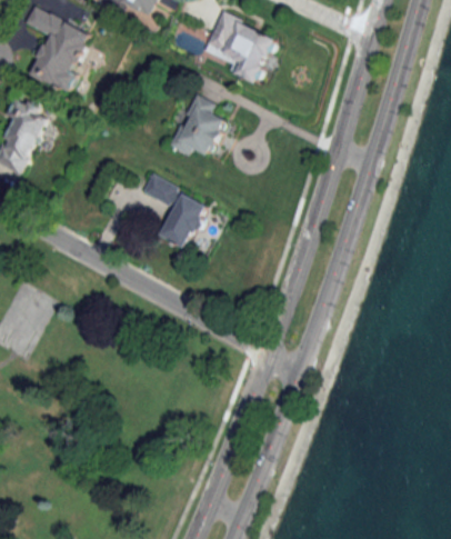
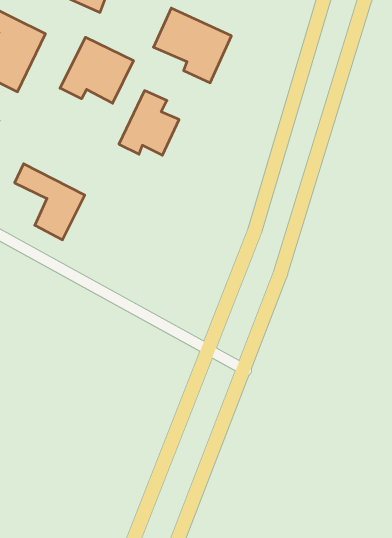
building: none -> [60,37,133,103]
building: [138,173,208,249] -> [15,164,85,240]

